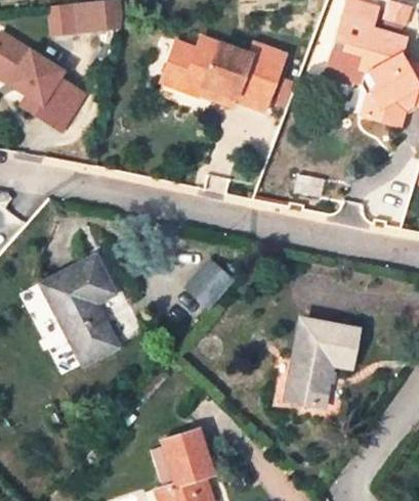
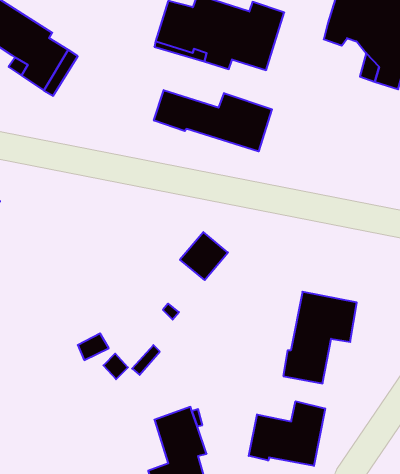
building: none -> [154,90,272,151]
building: [40,258,114,362] -> none
building: none -> [249,401,325,466]

